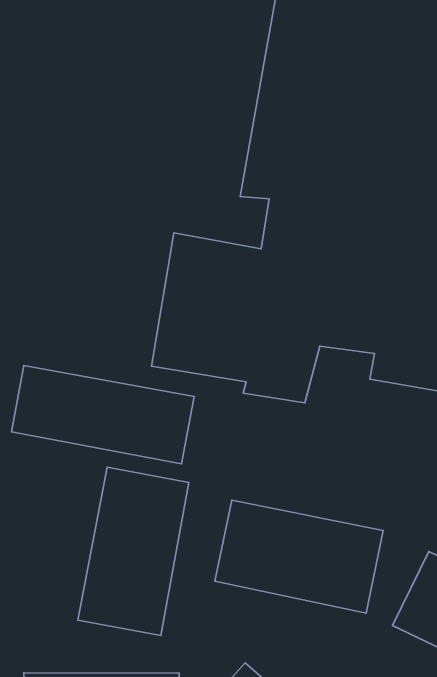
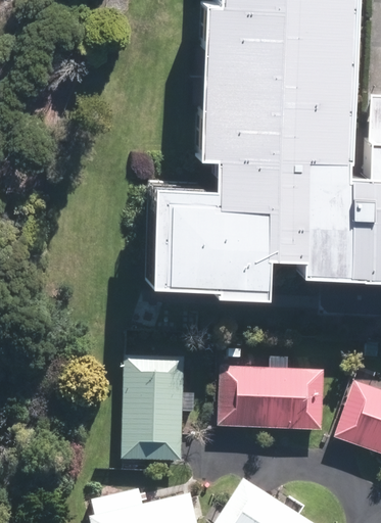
building: [12,365,194,464] -> none

